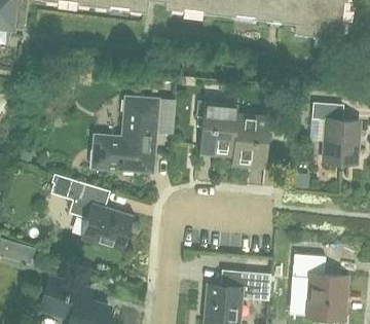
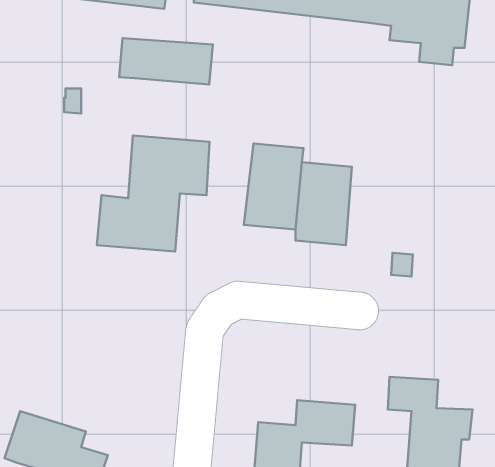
building: none -> [119,38,213,84]
building: [311,104,358,163] -> none
building: [53,175,132,247] -> none

